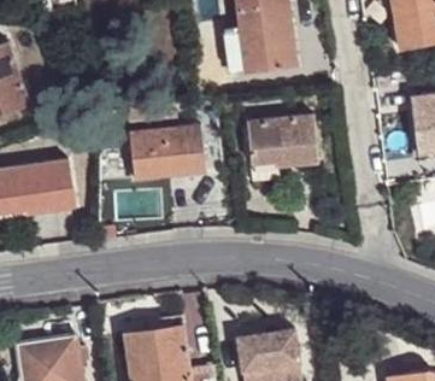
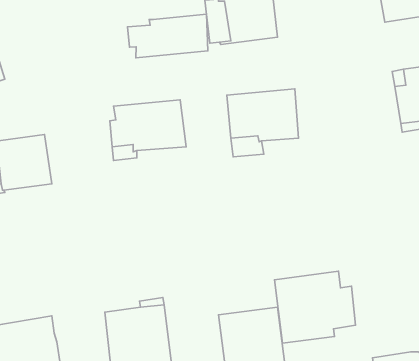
building: none -> [128,14,208,58]
building: none -> [275,271,356,343]

